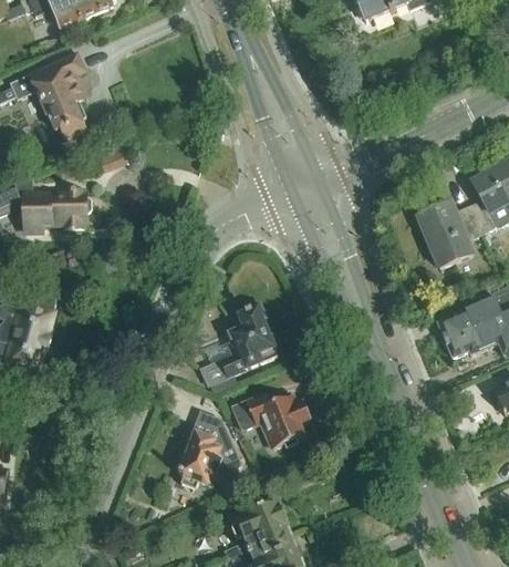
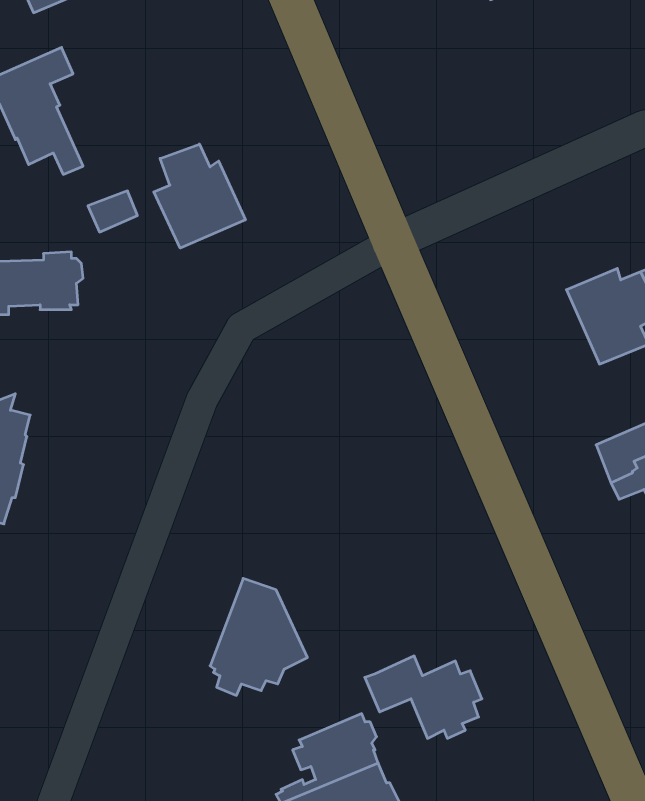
building: none -> [154,144,245,248]
building: [199,301,277,384] -> none
building: [231,391,310,446] -> [365,656,482,738]

